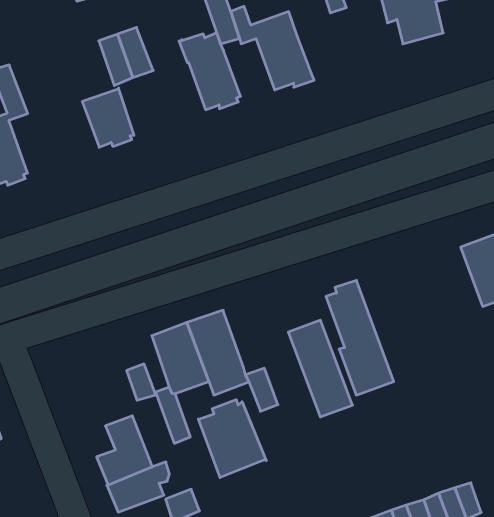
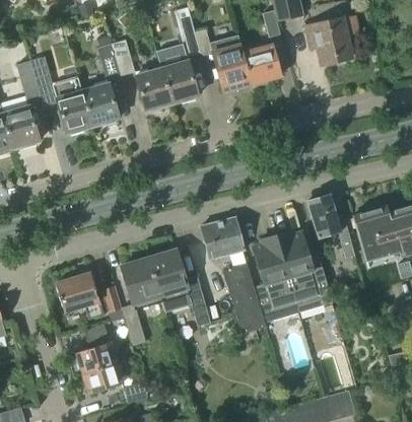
building: none -> [244,45,281,83]
building: none -> [30,56,92,134]
building: none -> [136,67,173,112]
building: none -> [305,195,356,259]
building: none -> [200,217,243,260]
building: none -> [276,230,326,311]
building: none -> [55,273,102,319]
building: [198,400,266,478] -> none

